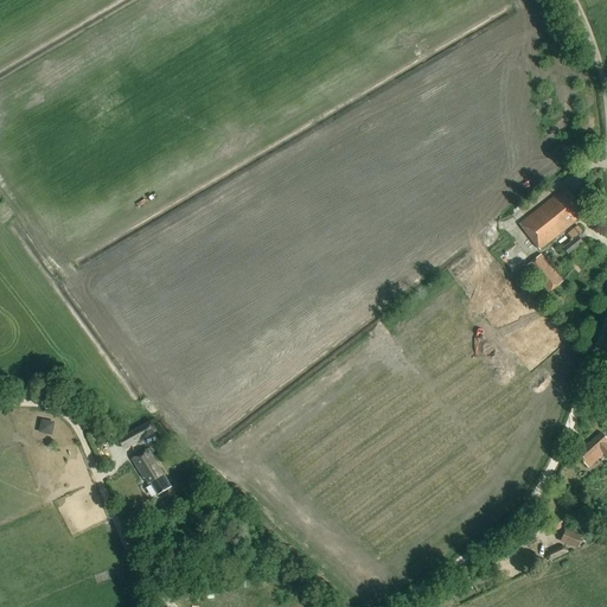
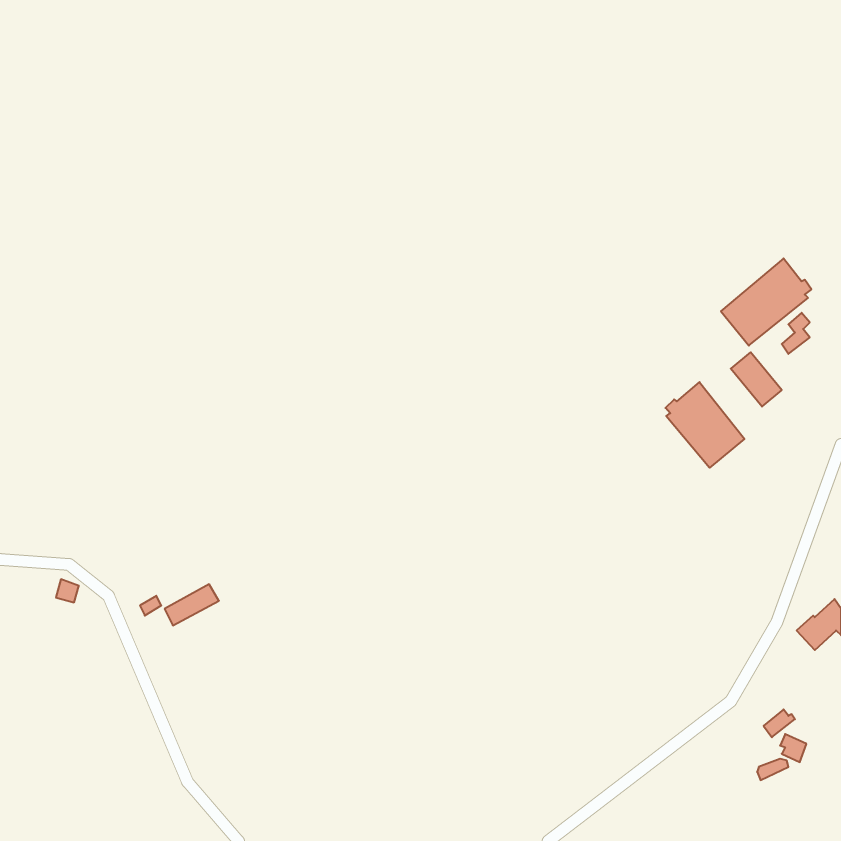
building: none -> [665,382,744,468]
building: [133,448,172,494] -> none

